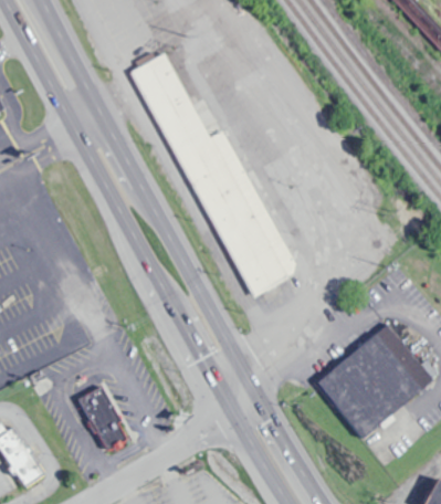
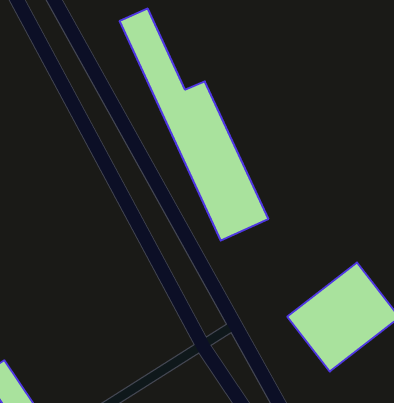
building: [72,381,132,455] -> none

